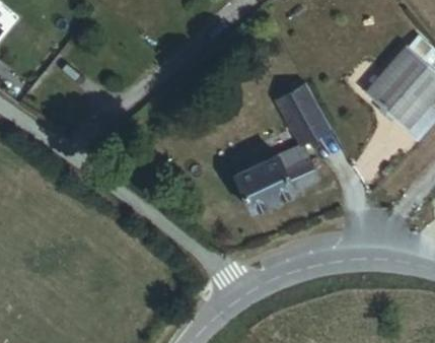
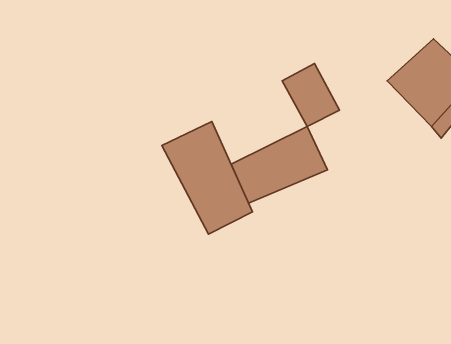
building: none -> [162,122,253,234]

